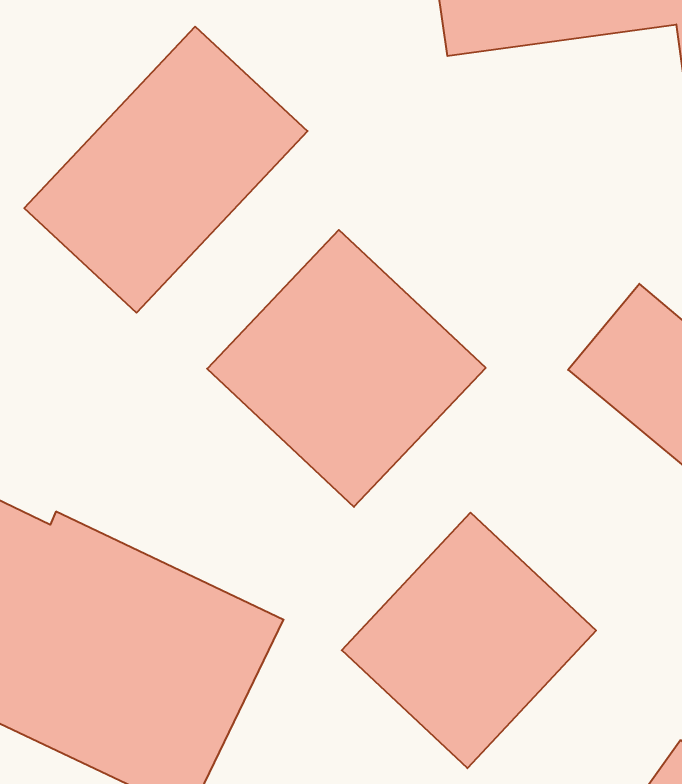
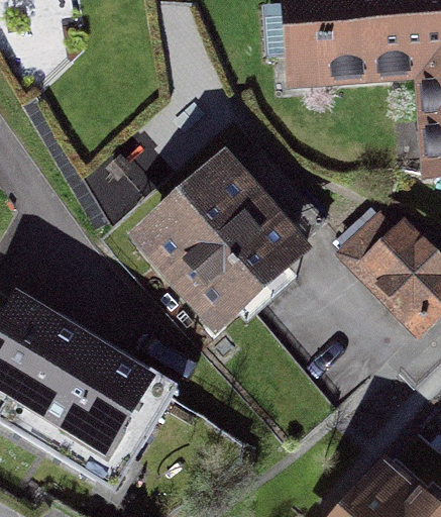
building: [24,27,308,313] -> none
building: [342,513,596,768] -> none

